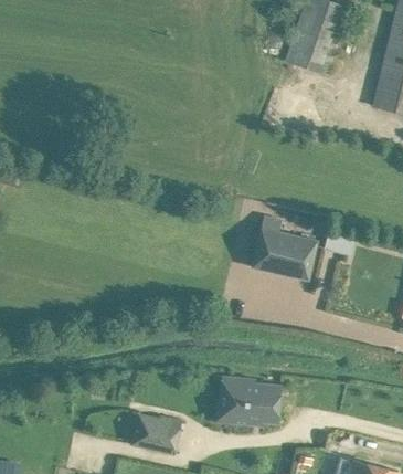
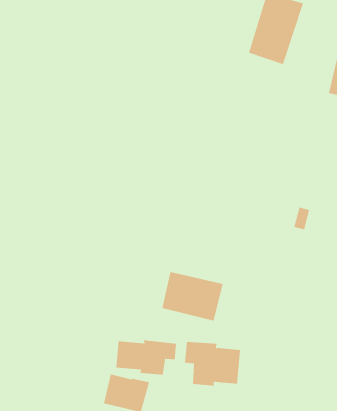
building: [251,227,318,281] -> [162,272,223,321]
building: none -> [116,340,176,376]

